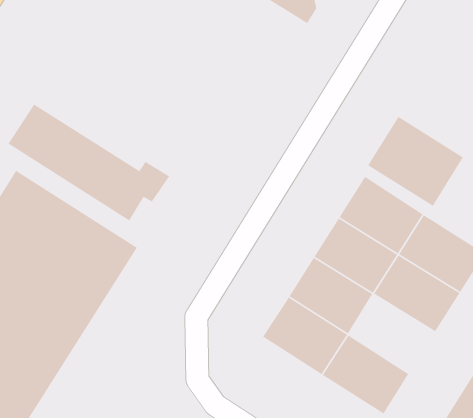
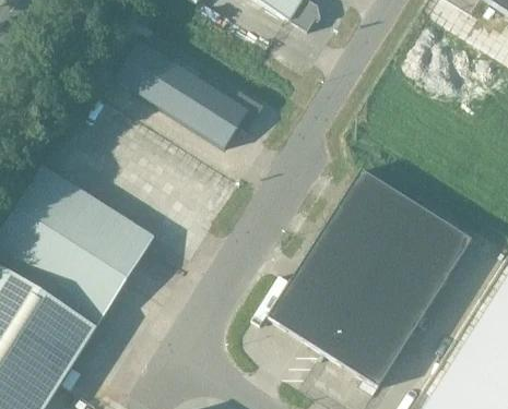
building: [8,103,170,222] -> [114,38,262,146]
building: [367,116,464,207] -> none
building: none -> [345,277,425,350]

